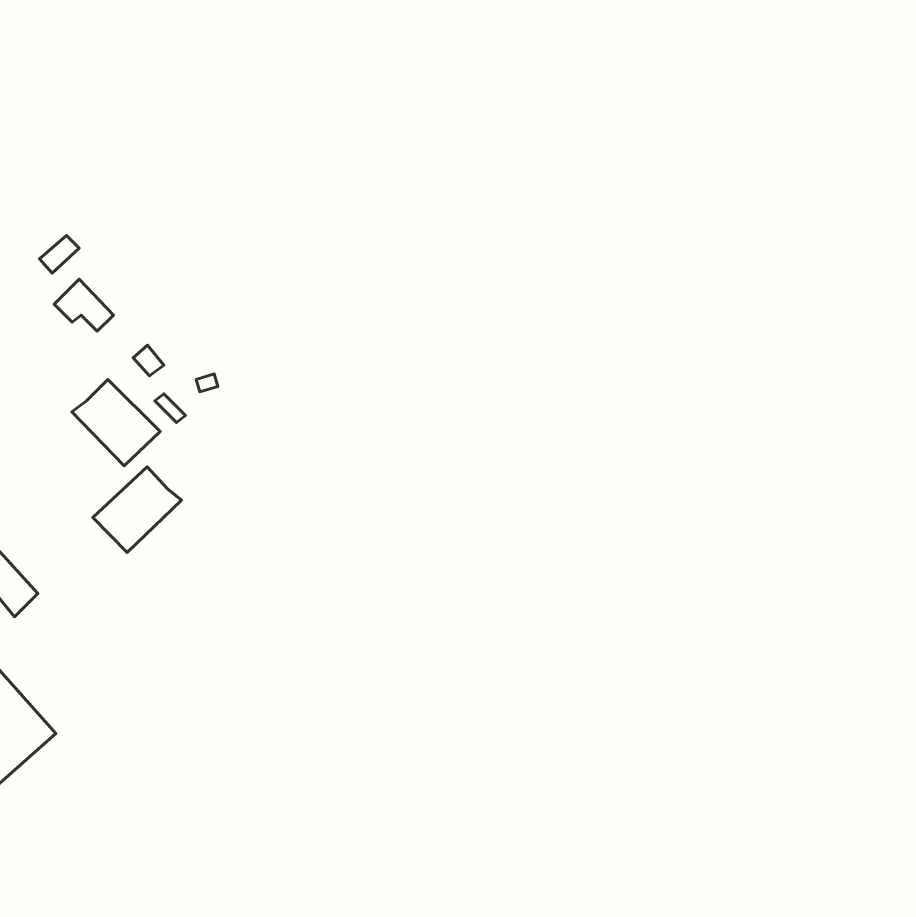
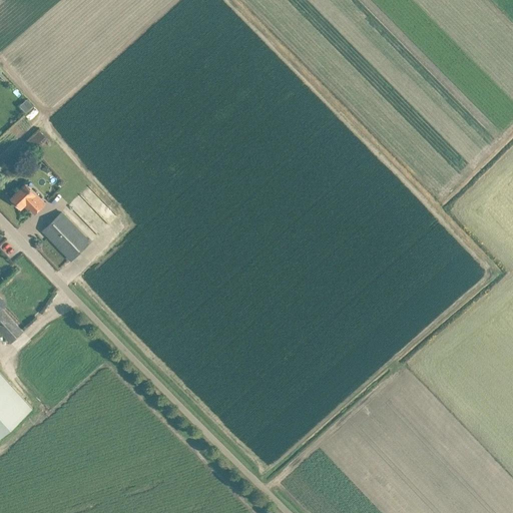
building: [54,279,113,331] -> [9,184,42,213]
building: [93,467,181,552] -> none

